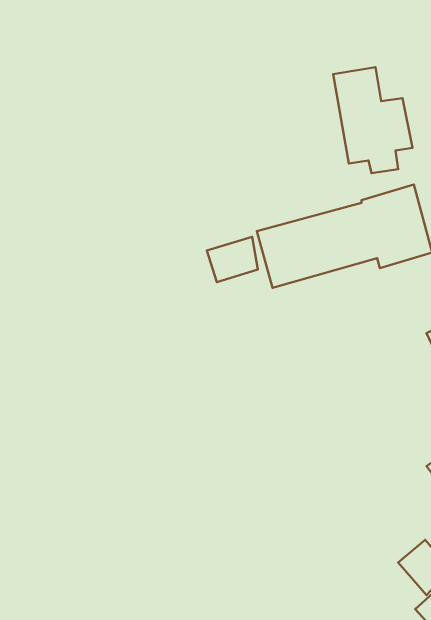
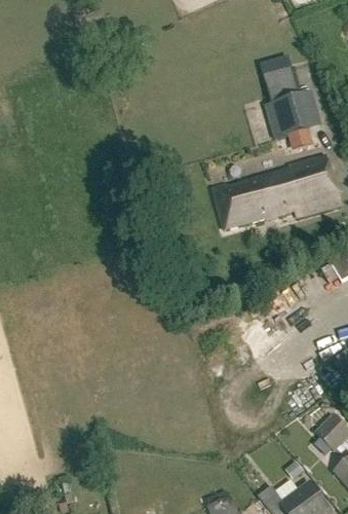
building: [207,237,258,282] -> none

